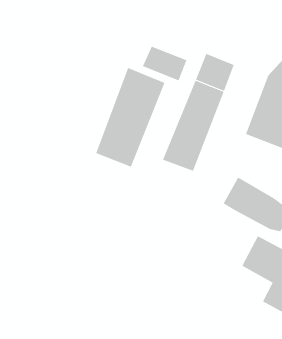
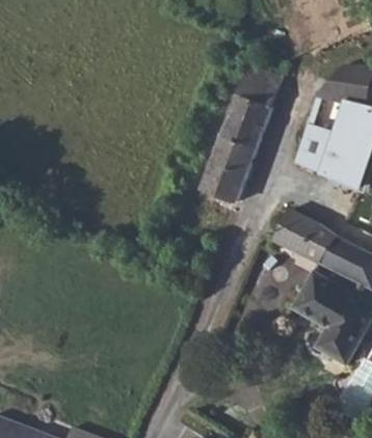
building: [142,46,187,81] -> none
building: [95,67,165,167] -> none

